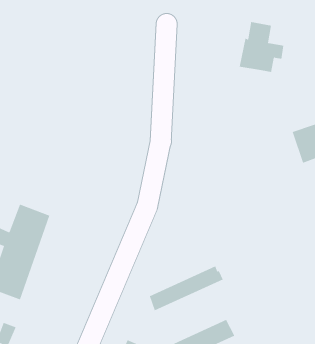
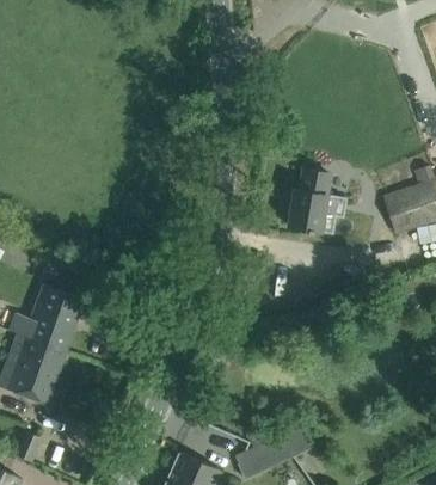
building: [239,22,284,73] -> [289,168,345,232]
building: [149,266,223,311] -> none

